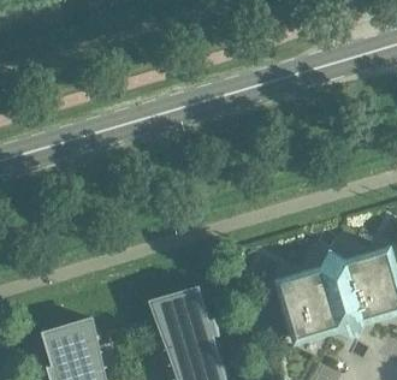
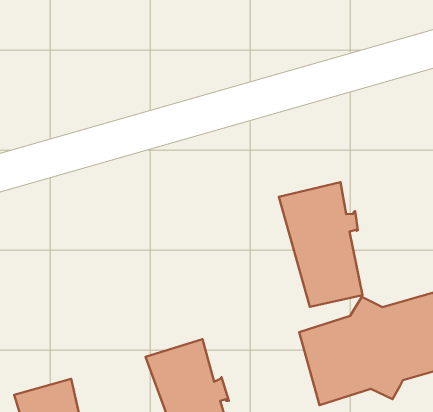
building: none -> [279,182,362,307]

